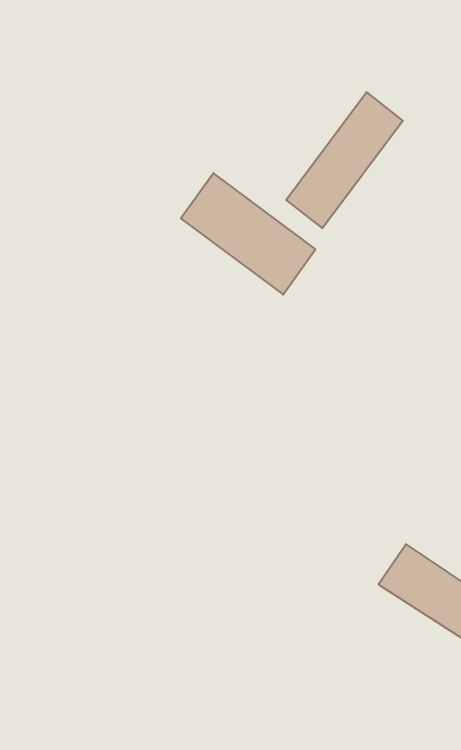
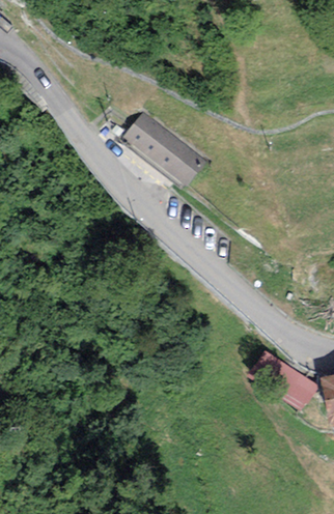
building: [286,92,403,228] -> none

